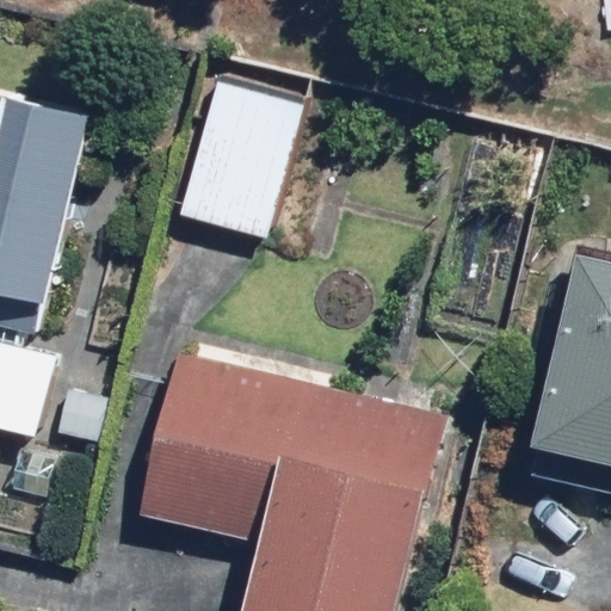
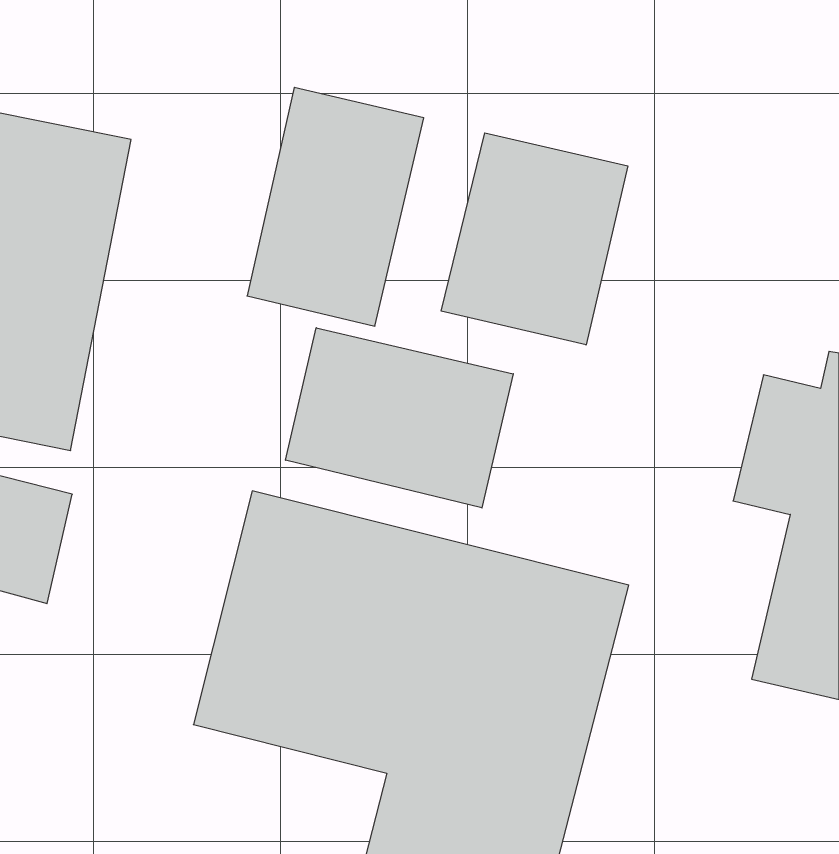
building: none -> [441,133,628,345]
building: none -> [286,328,513,508]

